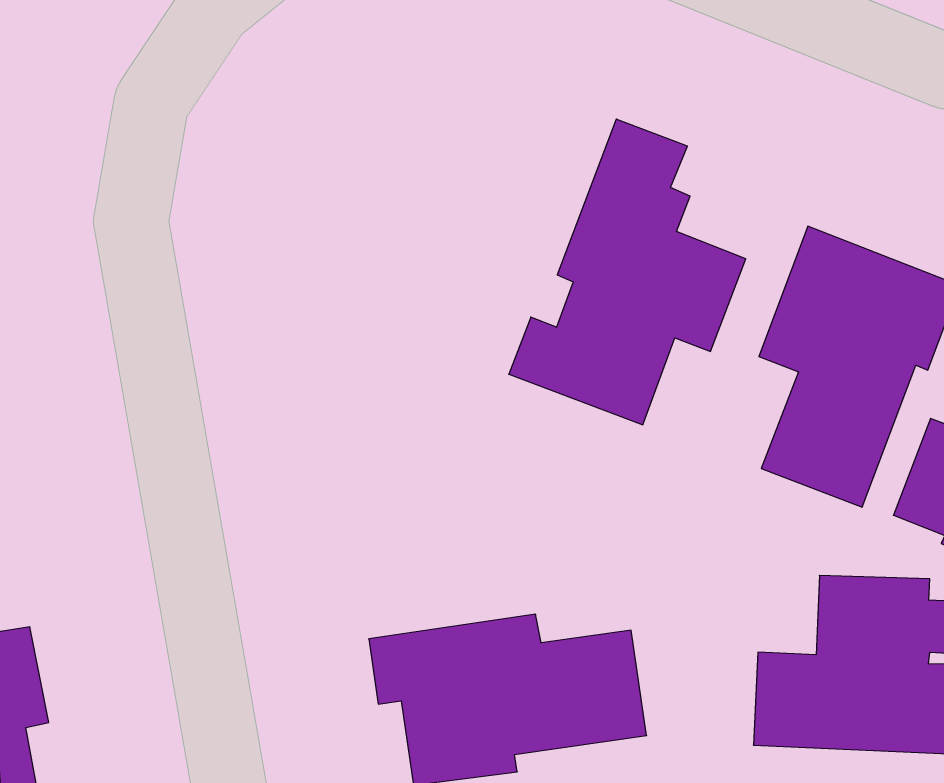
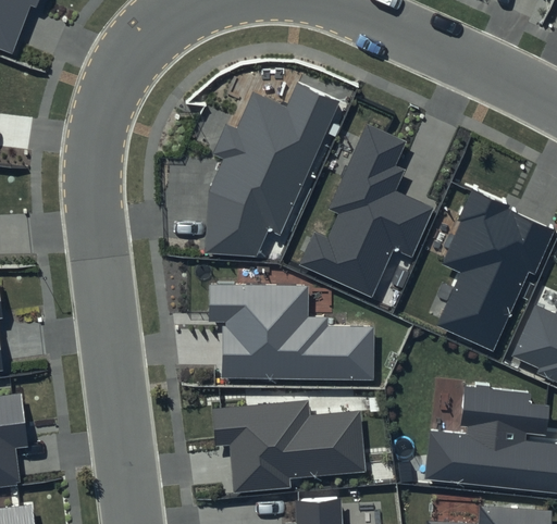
building: none -> [205,82,339,257]
building: none -> [209,285,375,379]

